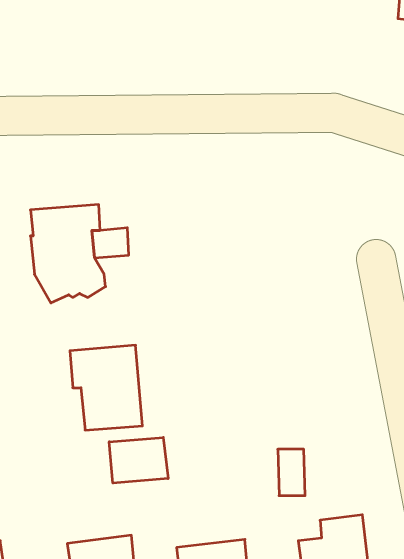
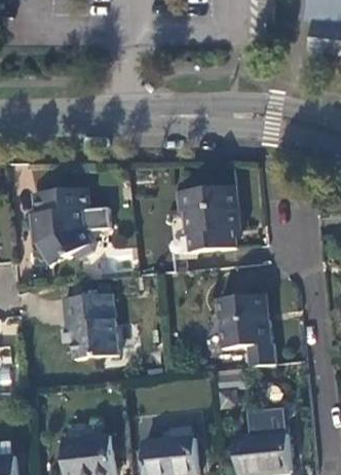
building: none -> [177,184,237,250]
building: none -> [218,293,271,346]
building: [109,437,168,483] -> none

